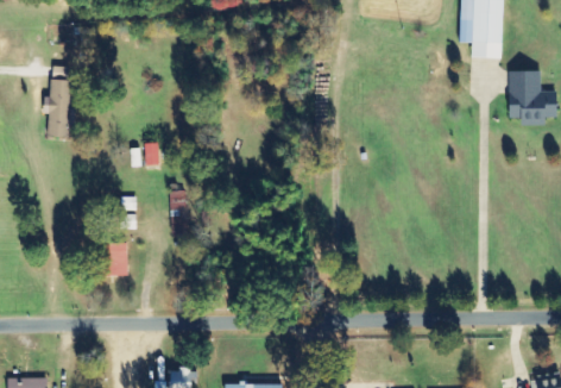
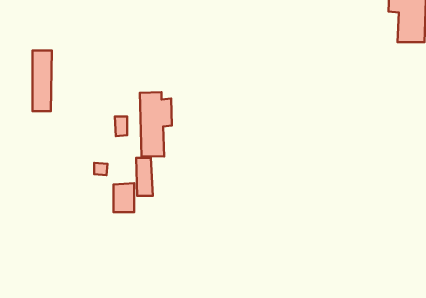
building: none -> [140,92,172,156]
building: [103,242,127,275] -> [113,183,134,212]

